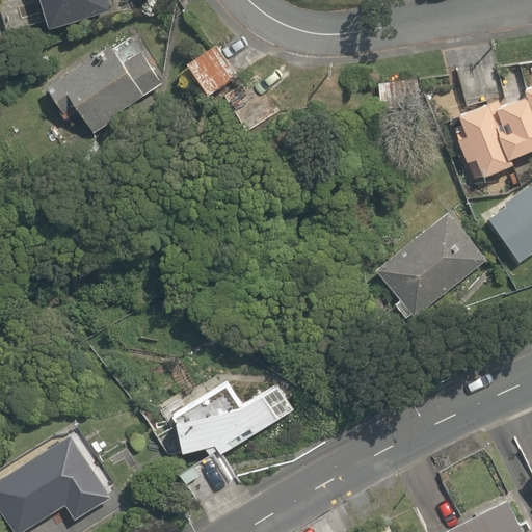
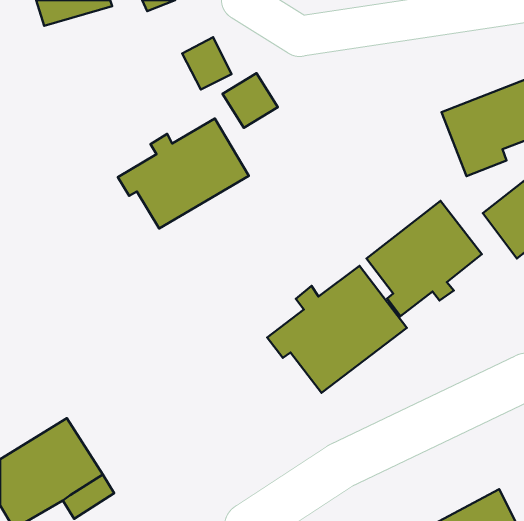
building: [44,46,159,134] -> none
building: none -> [118,119,249,229]
building: none -> [267,266,407,393]
building: [164,378,298,455] -> none

